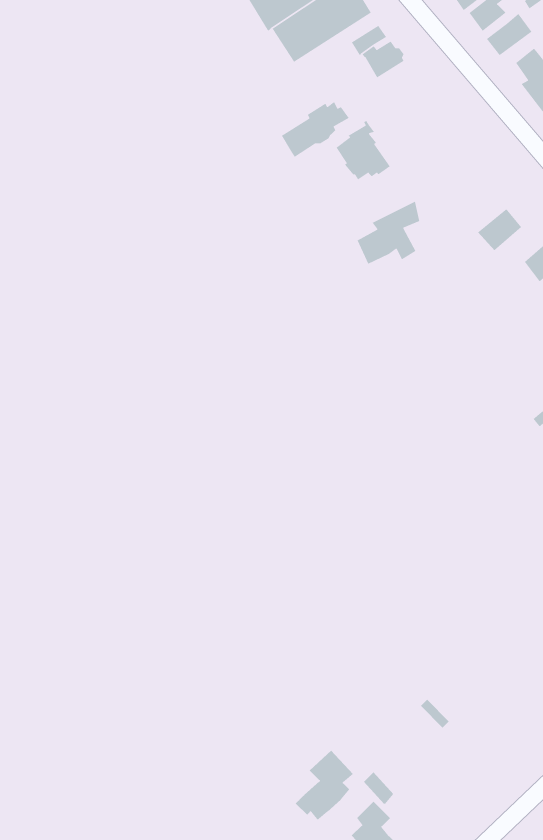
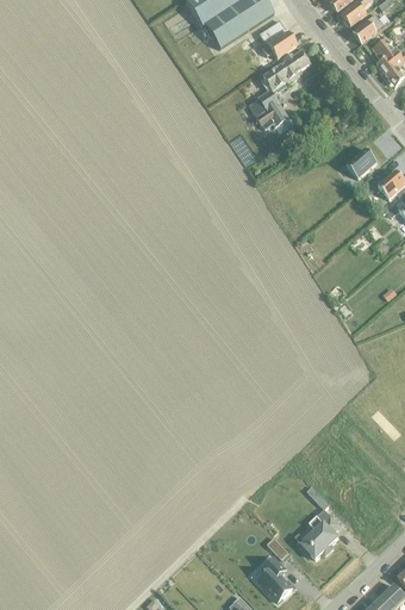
building: [281,101,350,158] -> [262,51,310,91]
building: [357,200,420,265] -> none
building: [295,750,354,821] -> [299,509,339,558]

